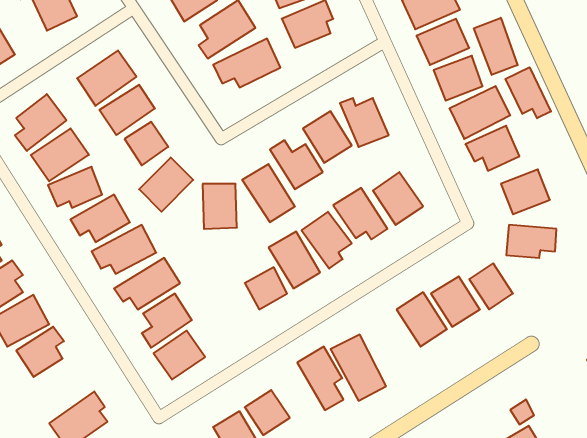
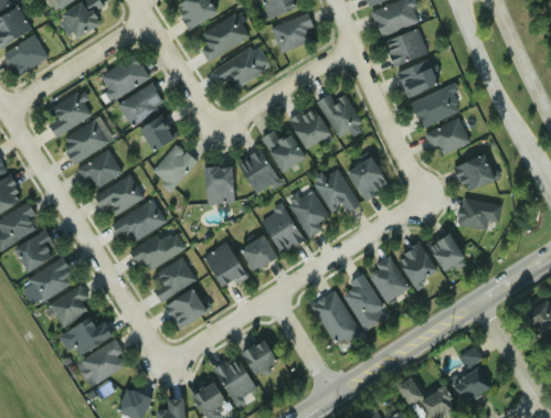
building: [474,18,518,75] -> none
building: [505,67,551,118] -> none
building: none -> [203,243,246,286]
building: [297,347,343,410] -> [341,276,380,329]
building: none -> [64,314,112,355]

